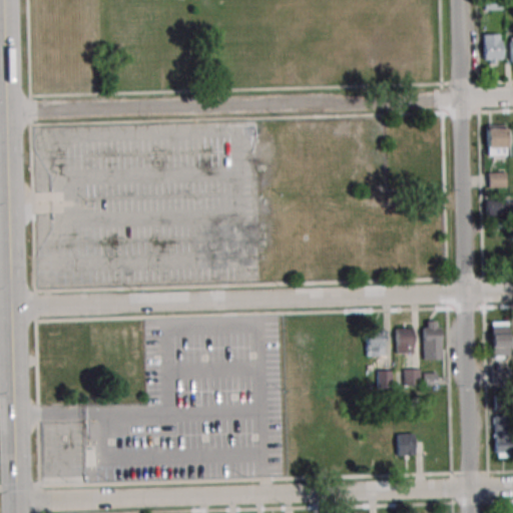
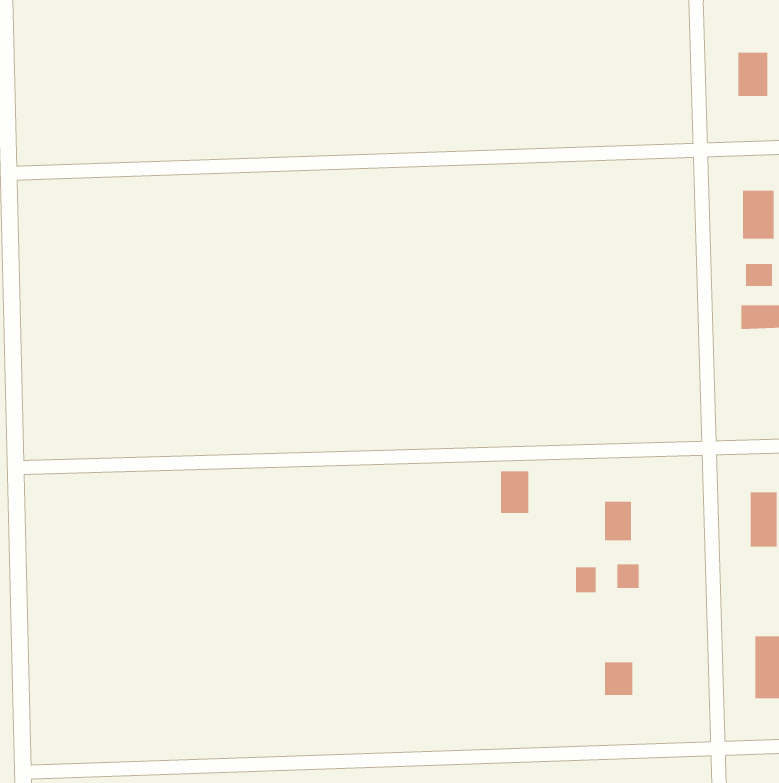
building: [425,322,443,359] -> none
building: [368,328,387,356] -> [500,471,529,514]

